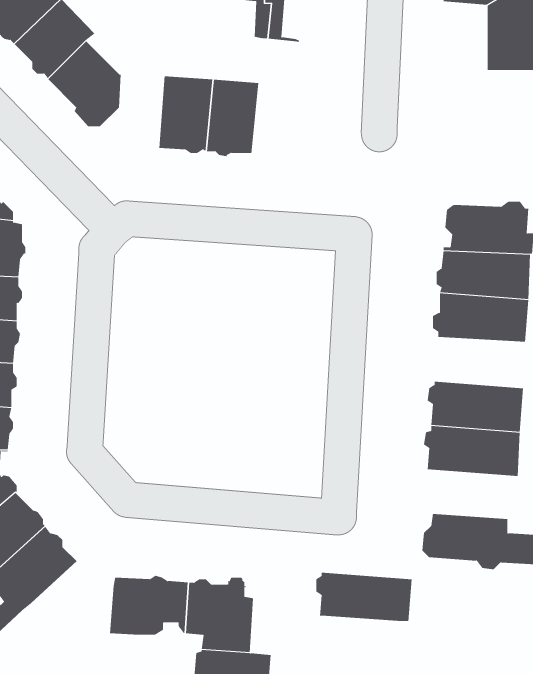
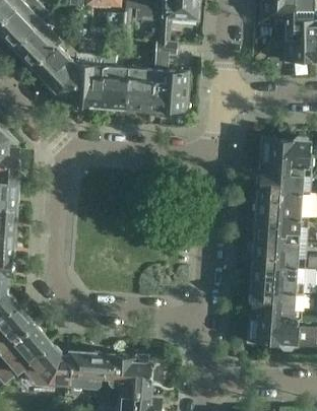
building: none -> [149,44,187,114]
building: none -> [62,64,99,108]
building: none -> [251,215,307,245]
building: none -> [22,344,69,386]
building: [316,572,413,622] -> [247,291,303,320]

